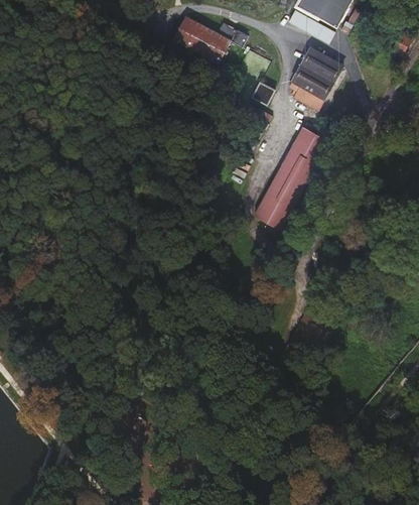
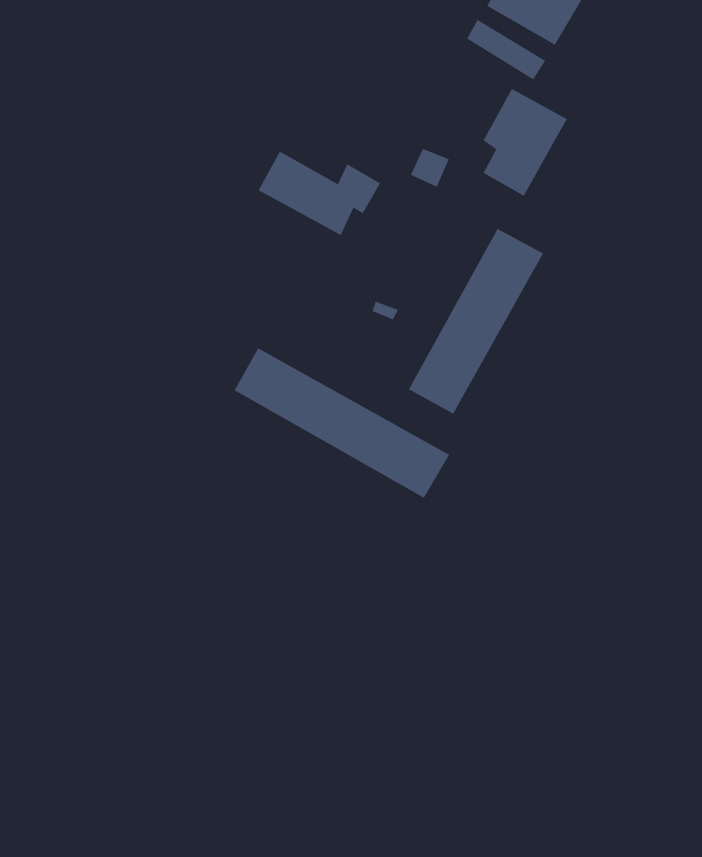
building: [172,15,241,62] -> [258,151,381,236]
building: none -> [233,347,450,499]

